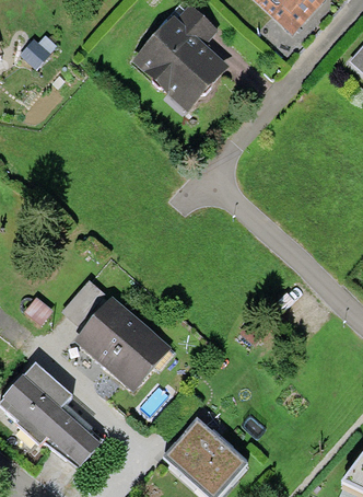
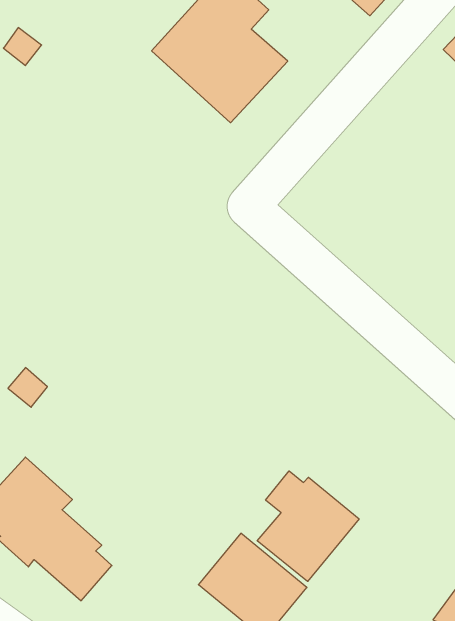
building: [62,276,172,392] -> none
building: none -> [257,471,359,581]

